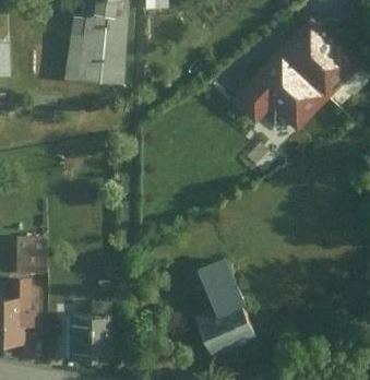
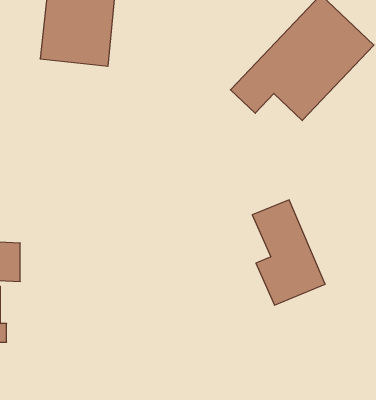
building: [194,261,259,354] -> [252,200,325,305]
building: [69,297,116,355] -> none

